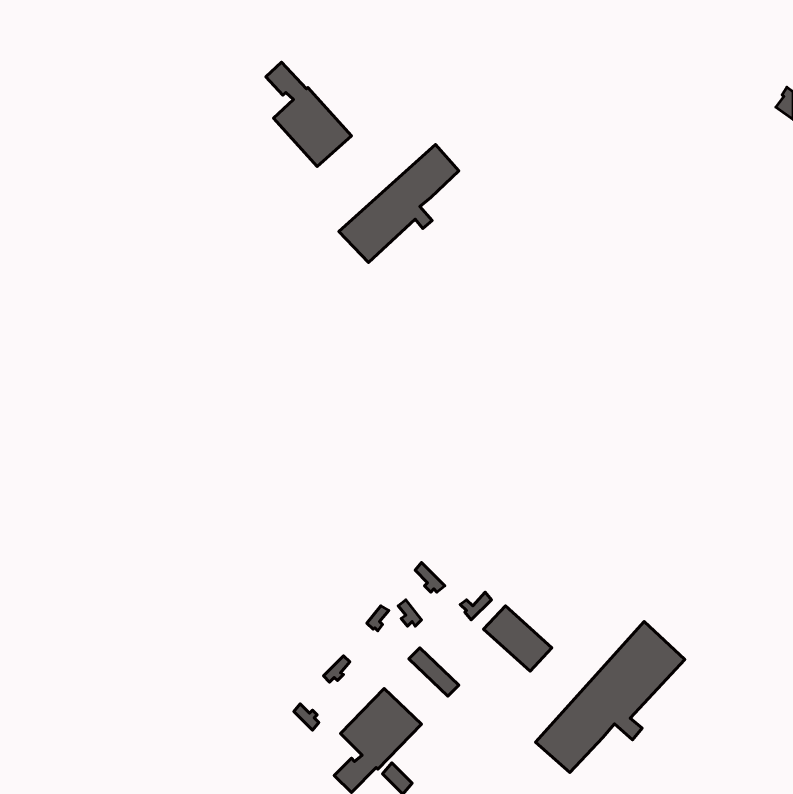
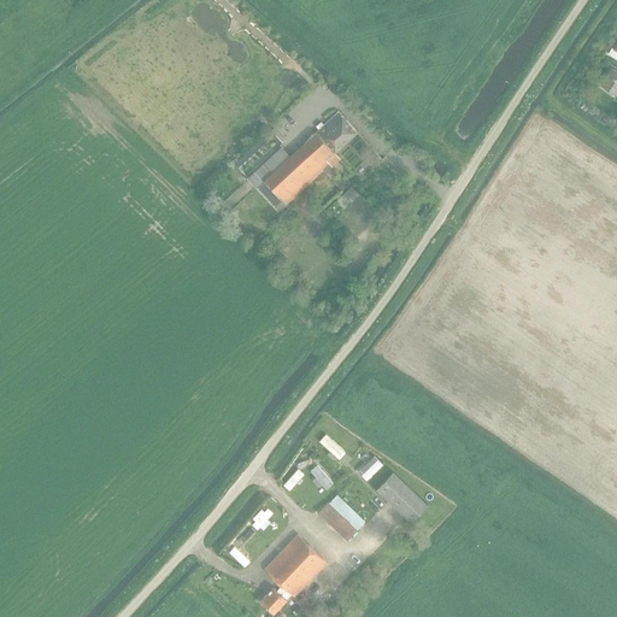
building: [266,62,352,167] -> none
building: [535,621,685,772] -> none

